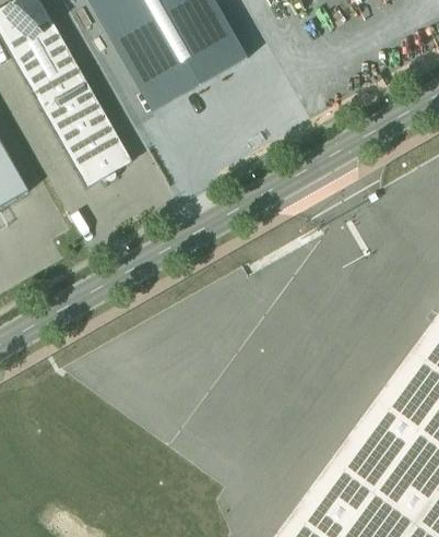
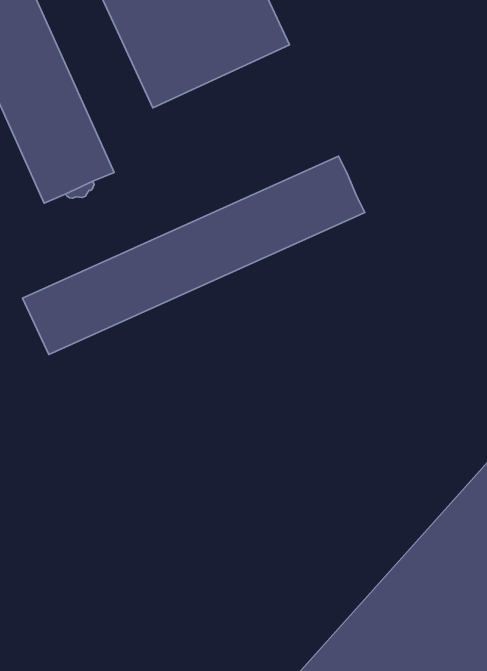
building: none -> [22,156,365,355]

